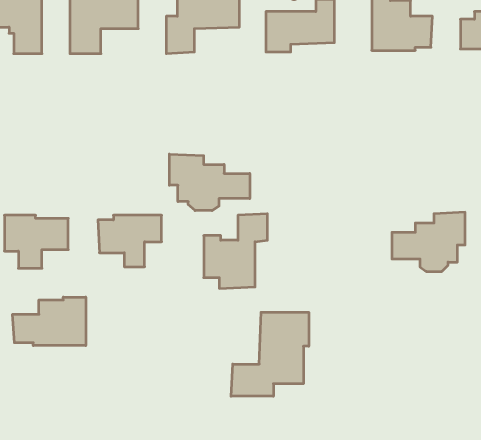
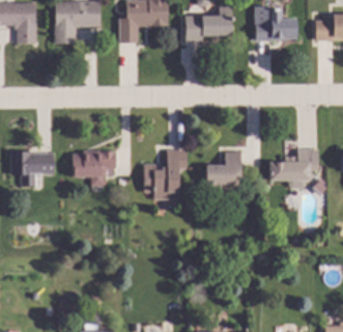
building: [169,154,250,211] -> none
building: none -> [206,151,241,190]
building: [13,297,86,346] -> none
building: [231,312,309,396] -> none

